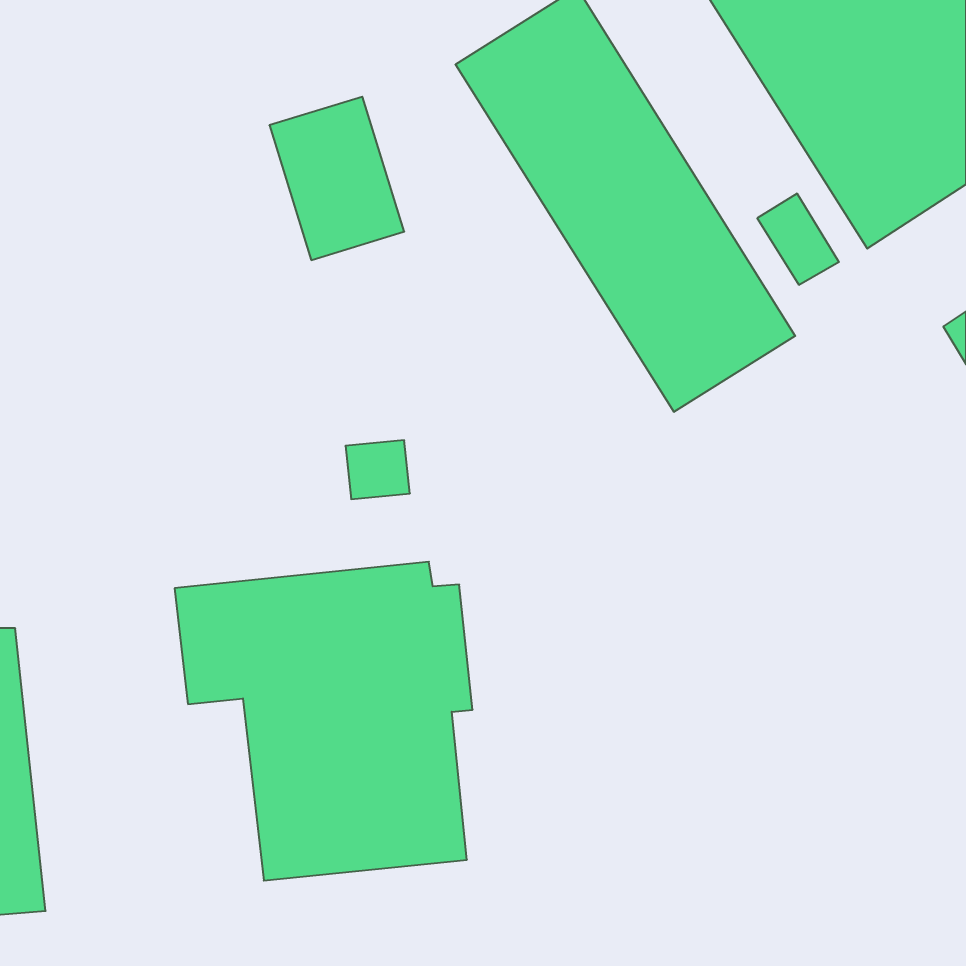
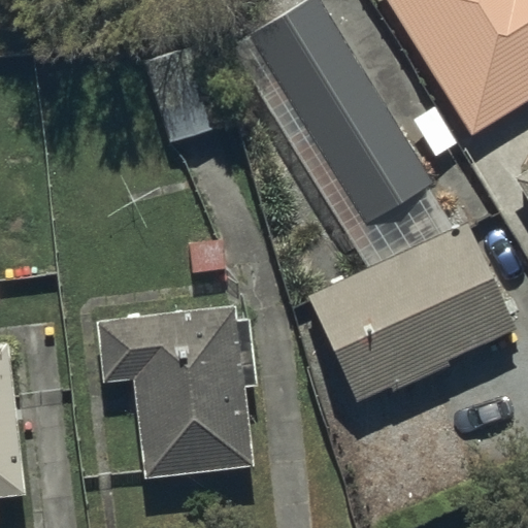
building: none -> [306,222,516,402]

